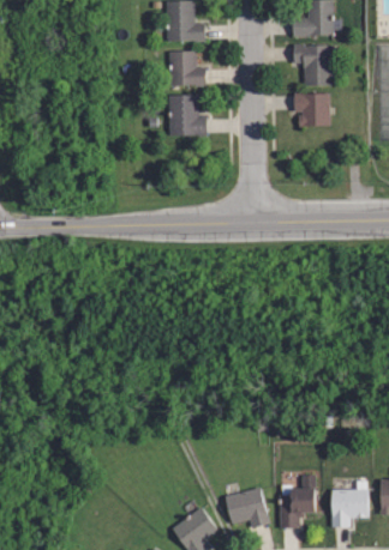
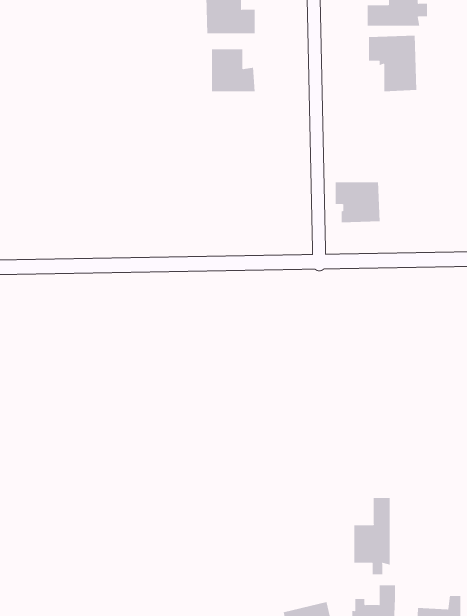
building: [294,93,330,126] -> [335,182,381,223]
building: [169,97,207,137] -> none
building: none -> [354,497,390,575]

